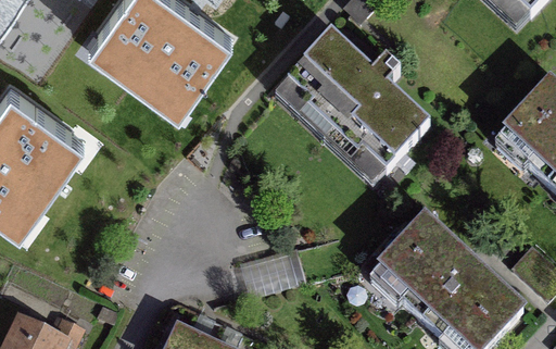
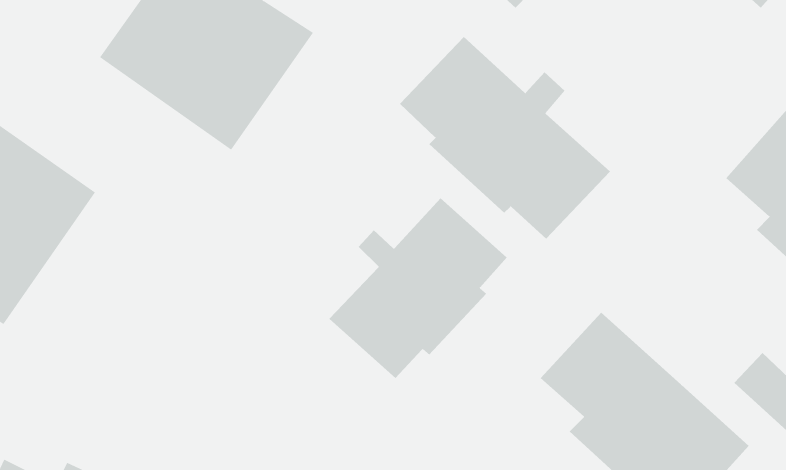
building: none -> [329,198,507,379]

